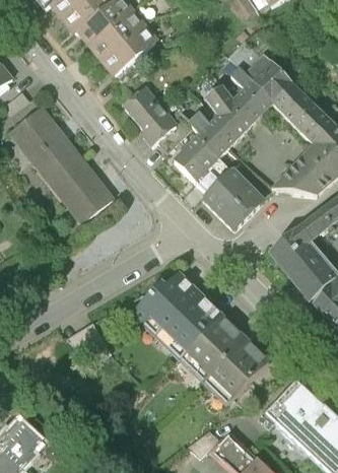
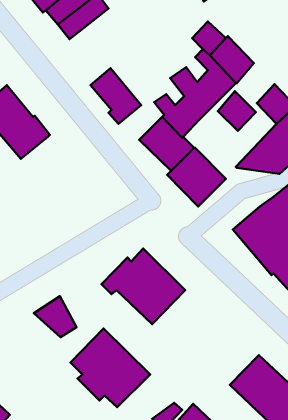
building: [102,27,153,74] -> none
building: [272,83,311,124] -> [218,91,256,131]
building: [52,158,111,220] -> none
building: [186,315,267,395] -> [70,329,150,407]

